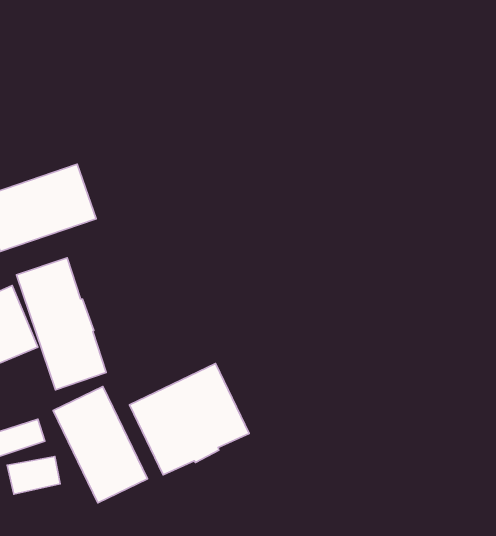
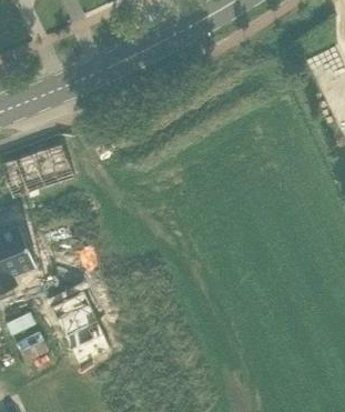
building: [17,258,106,390] -> none
building: [130,364,249,475] -> none

